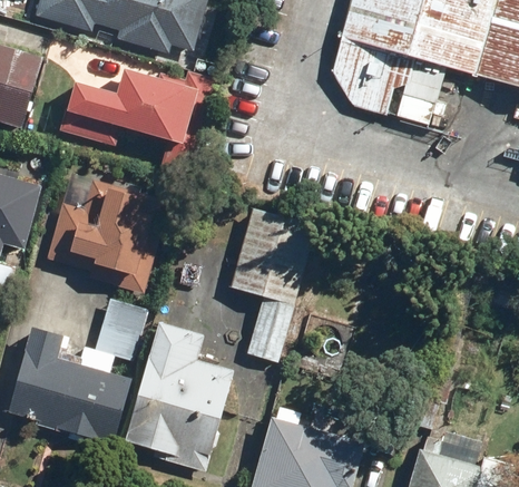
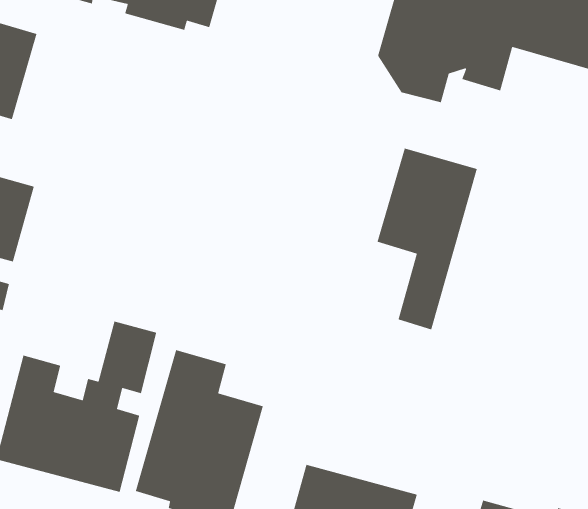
building: [61,68,216,172] -> none
building: [47,176,169,292] -> none
building: [229,205,315,360] -> [376,147,478,330]

